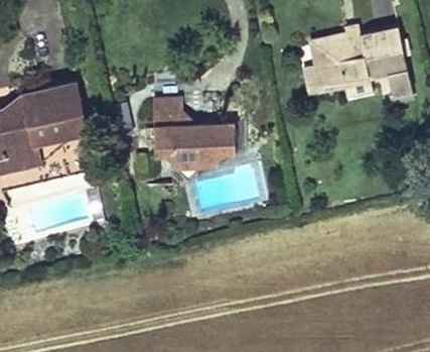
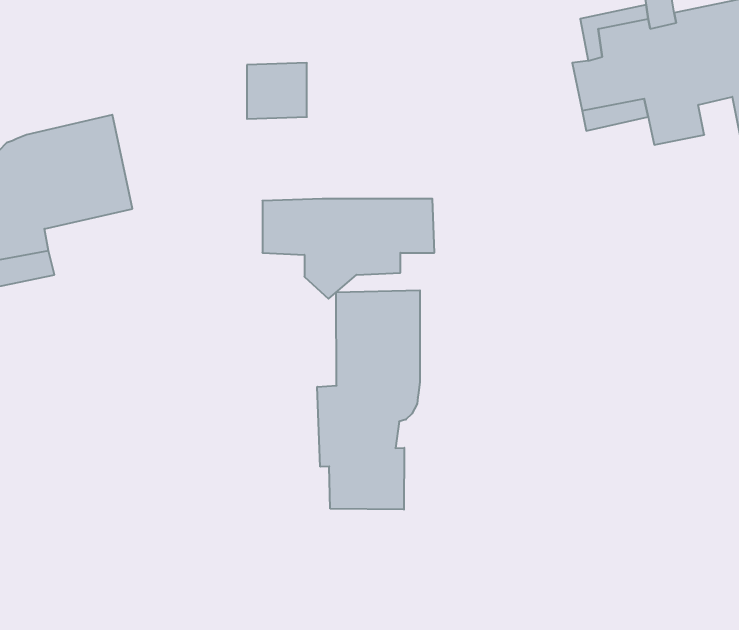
building: [150,100,180,128] -> [247,63,307,119]
building: none -> [317,290,420,510]

